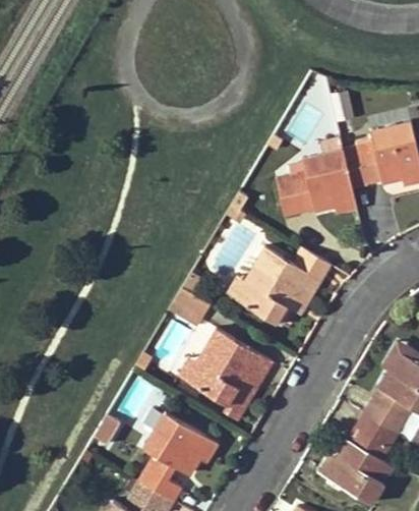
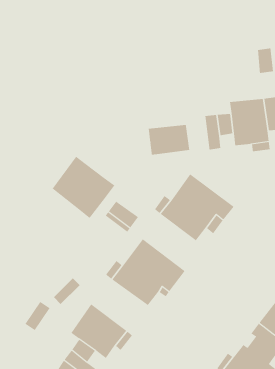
building: none -> [148,124,190,156]
building: none -> [52,156,115,219]

